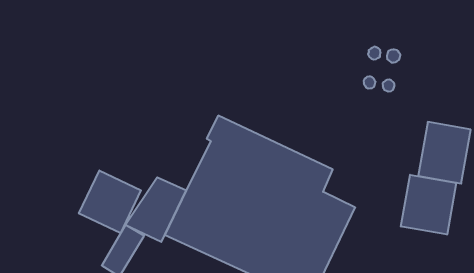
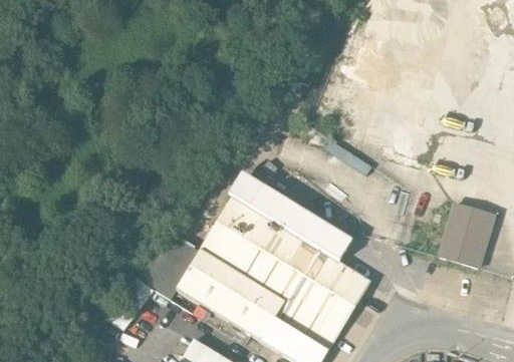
building: [79,170,141,233] -> none
building: [401,175,456,235] -> none

